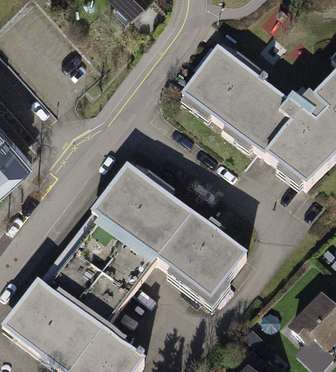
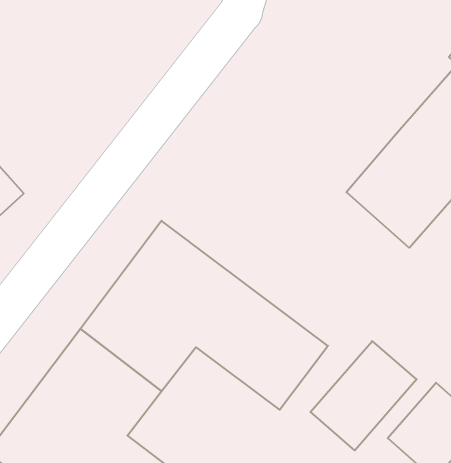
building: [184,46,296,154] -> none
building: none -> [310,341,417,450]

